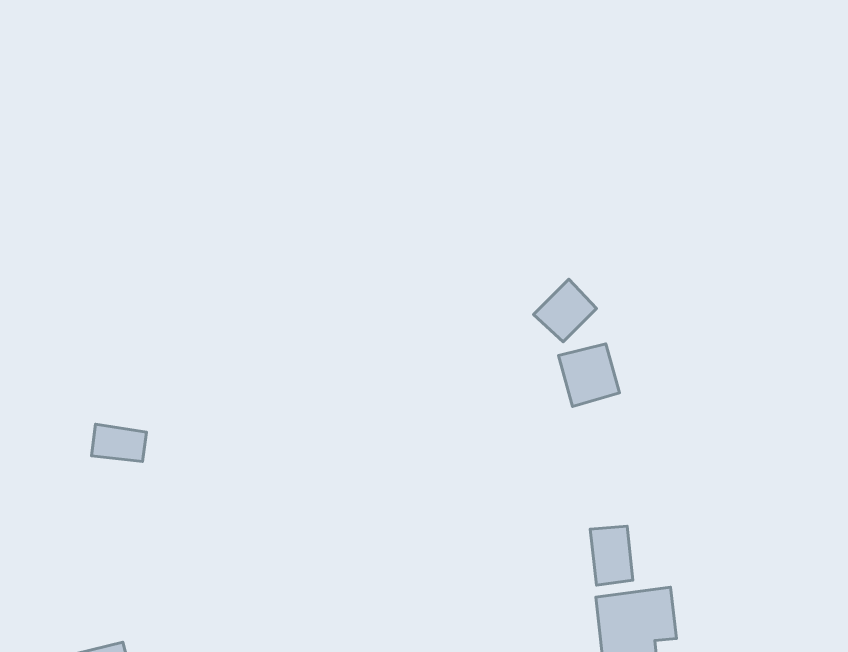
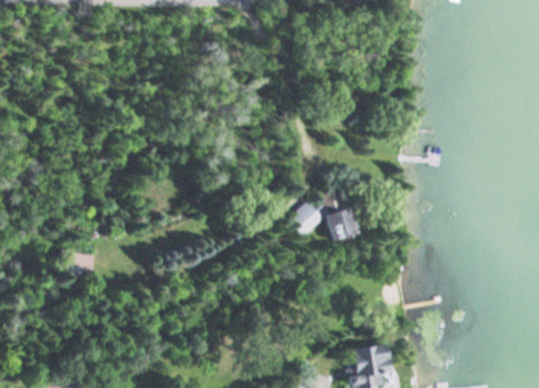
building: [534,279,596,342] -> [288,203,324,239]
building: [590,526,633,585] -> none

